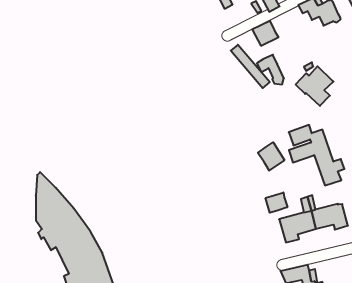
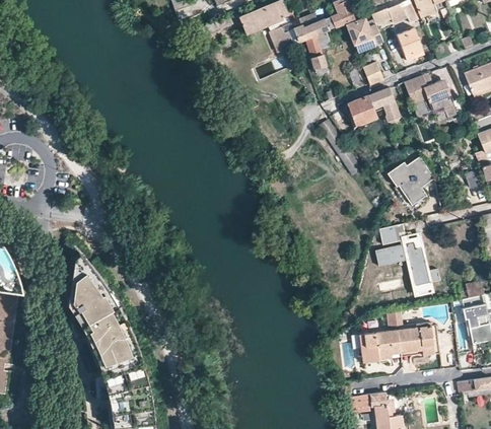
building: [257,55,284,84] -> [370,88,401,125]
building: [258,142,284,171] -> none
building: [266,192,287,213] -> none

